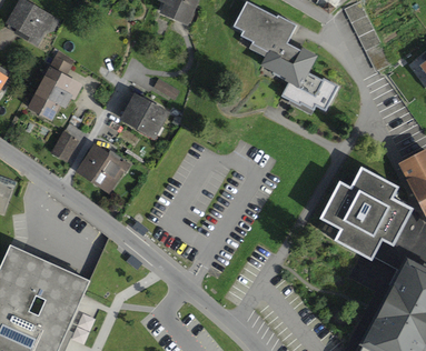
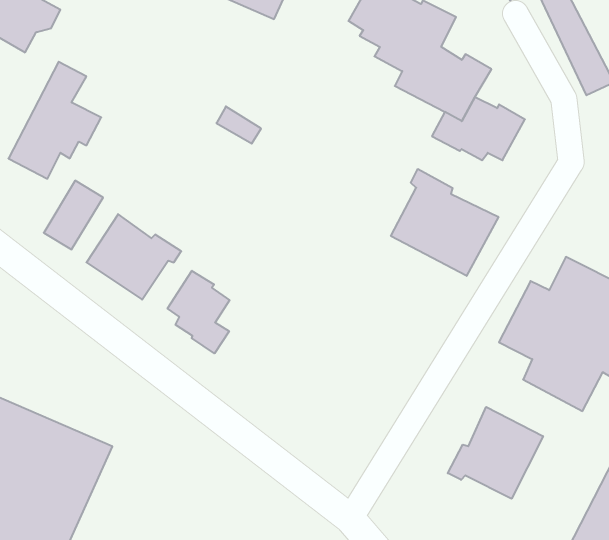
building: [119,91,169,139] -> none
building: none -> [391,169,498,276]
building: none -> [168,271,230,353]
building: none -> [448,407,543,499]

